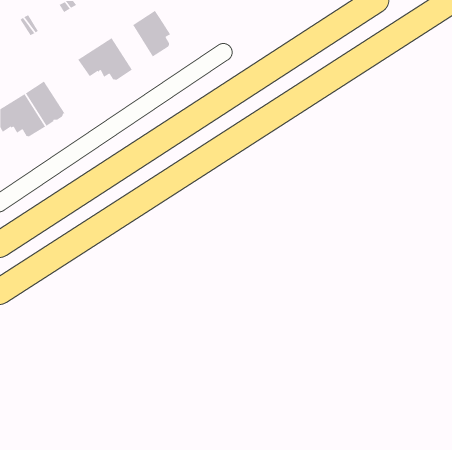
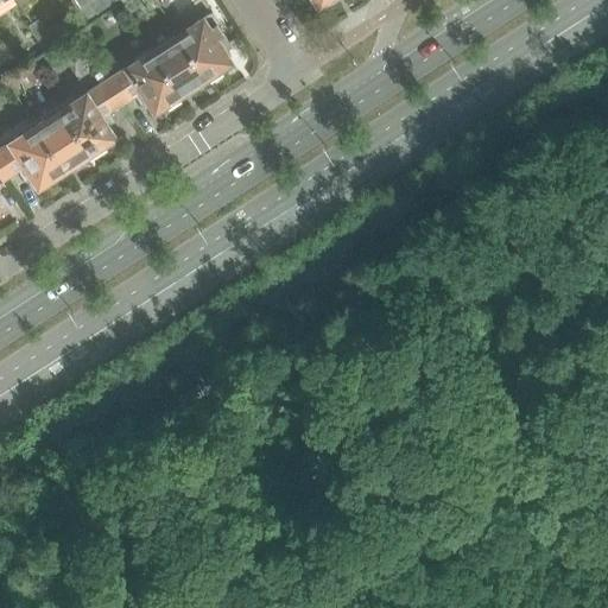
building: none -> [150,37,204,97]
building: none -> [59,83,120,156]

